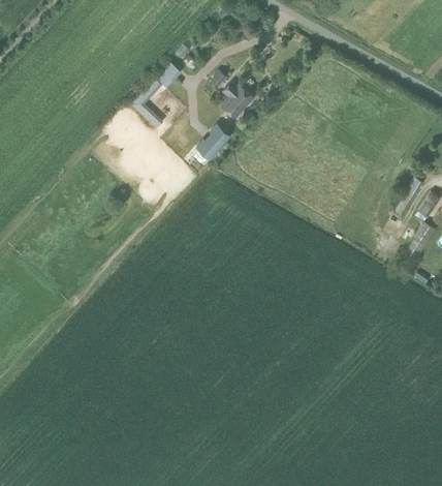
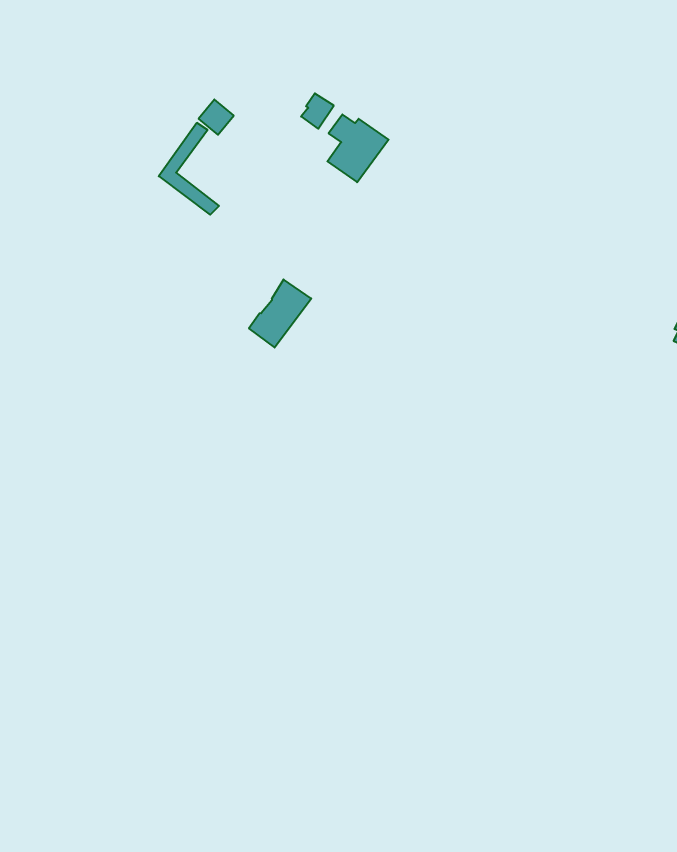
building: [197,124,231,159] -> [249,279,311,348]

